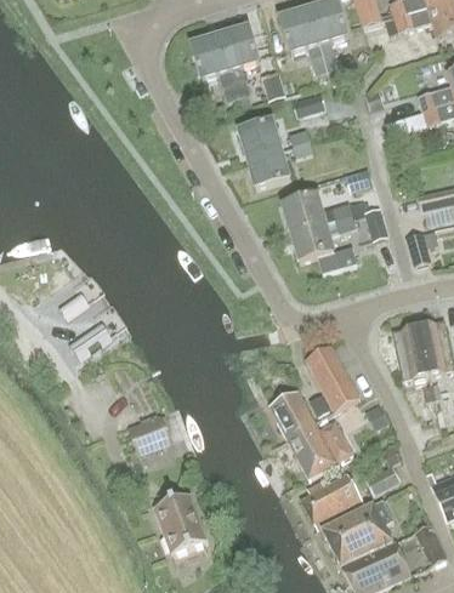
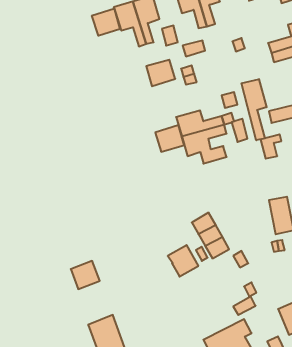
building: none -> [92,9,120,36]
building: [246,148,289,187] -> [155,125,184,152]
building: none -> [241,79,267,140]
building: [391,325,427,380] -> none
building: [286,421,352,477] -> none
building: [300,472,363,528] -> none

